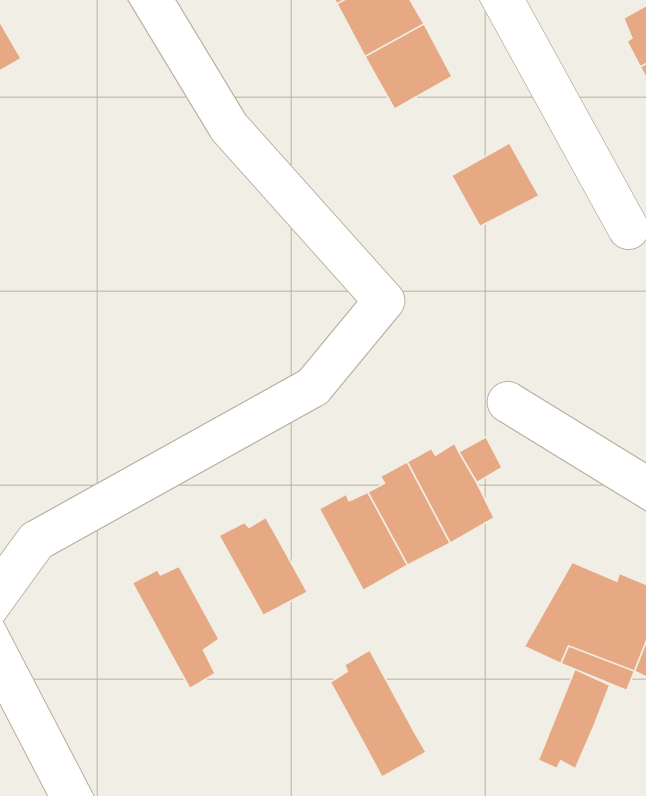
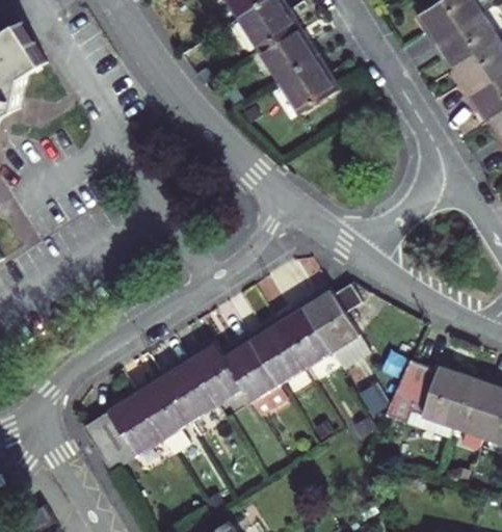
building: [452,143,539,227] -> [280,57,336,111]
building: none -> [161,356,216,422]
building: none -> [80,390,163,473]
building: [330,650,426,777] -> [223,336,287,416]
building: [538,669,610,769] -> none

